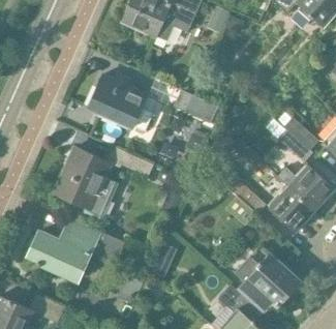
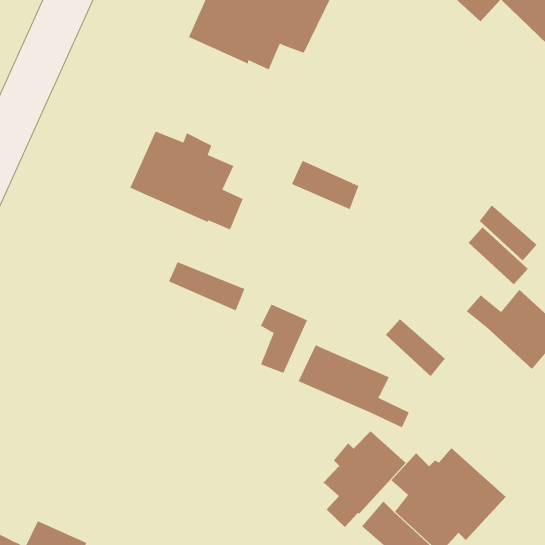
building: [54,149,116,220] -> none
building: [269,186,314,231] -> none
building: none -> [298,345,409,428]
building: [28,219,124,279] -> none
building: none -> [323,431,406,528]

